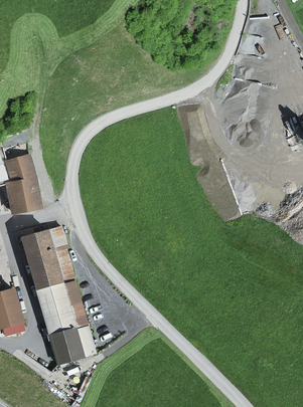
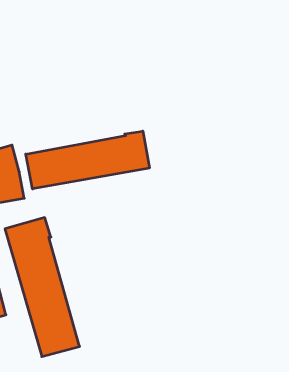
building: none -> [26,131,149,189]

